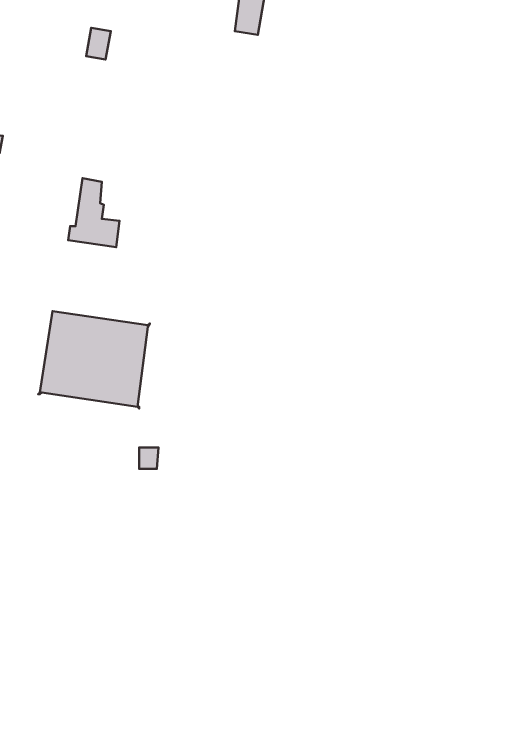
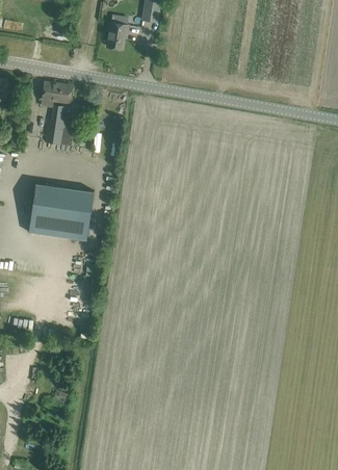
building: none -> [107,16,128,50]
building: none -> [42,82,71,108]

